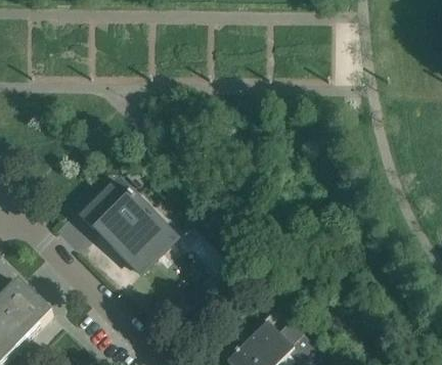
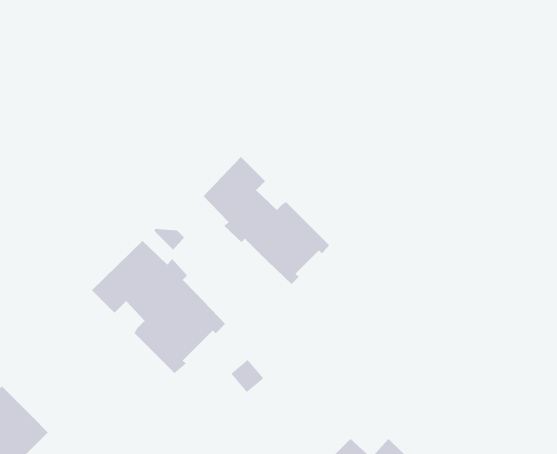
building: none -> [203,156,330,285]

